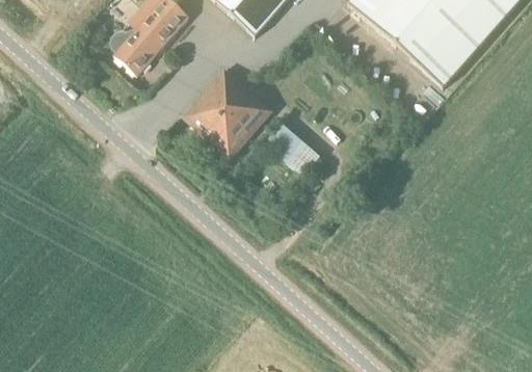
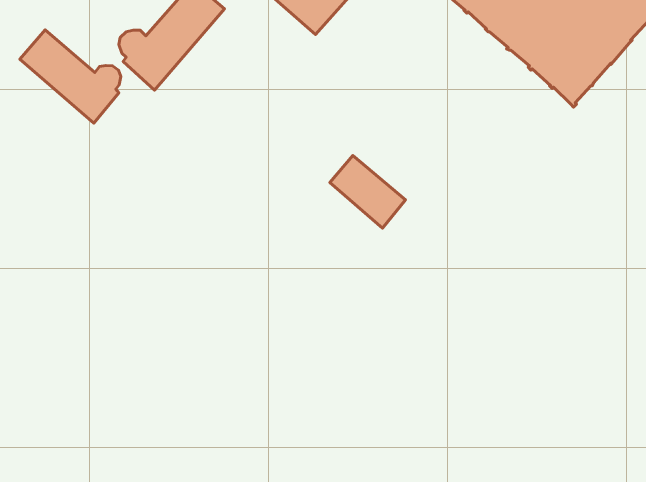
building: none -> [20,30,121,123]
building: [183,68,271,156] -> none

